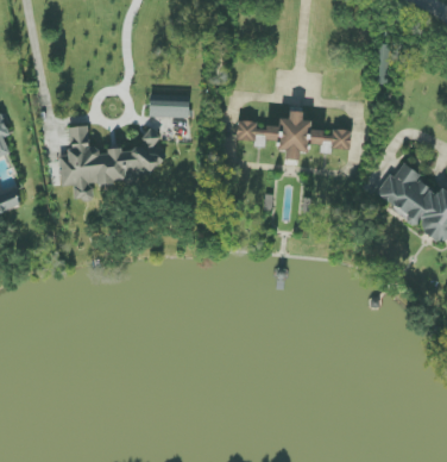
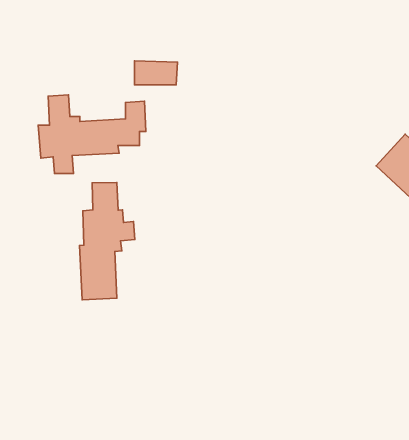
building: [237,111,352,160] -> none
building: none -> [79,182,135,300]

